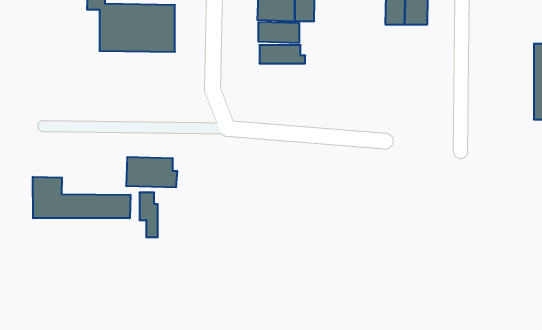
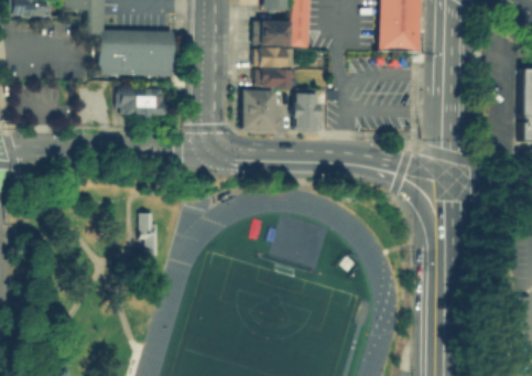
building: none -> [242,89,282,129]
building: none -> [294,93,322,128]
building: [126,157,177,187] -> [118,87,167,116]
building: [33,177,130,218] -> none

